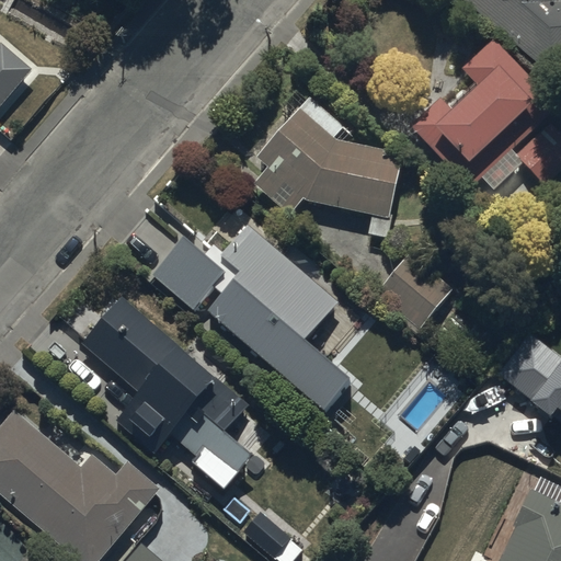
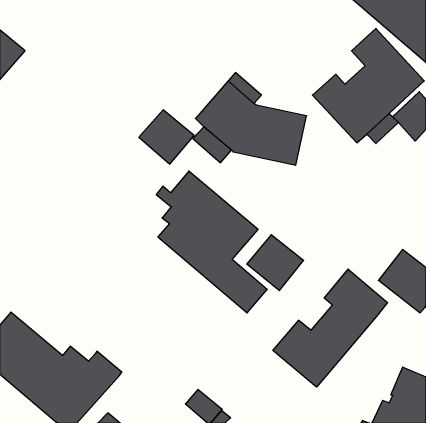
building: [152,238,225,309] -> [139,110,194,164]
building: [377,253,451,327] -> [247,235,304,291]
building: [81,296,252,489] -> none
building: none -> [273,269,388,387]

